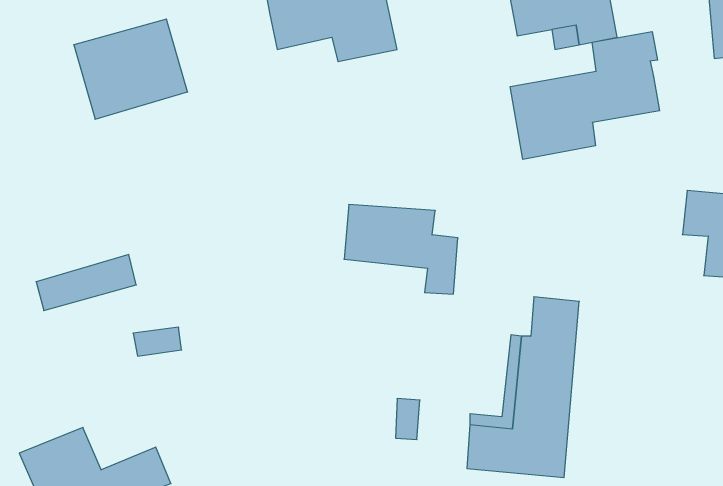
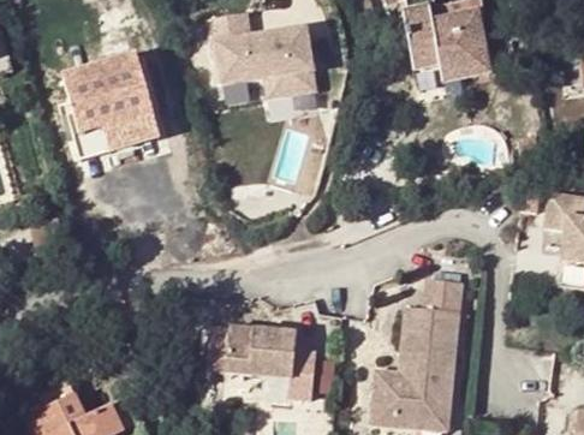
building: [510,32,660,159] -> none
building: [344,205,458,294] -> [224,328,314,399]
building: [36,254,136,311] -> [79,117,159,161]

